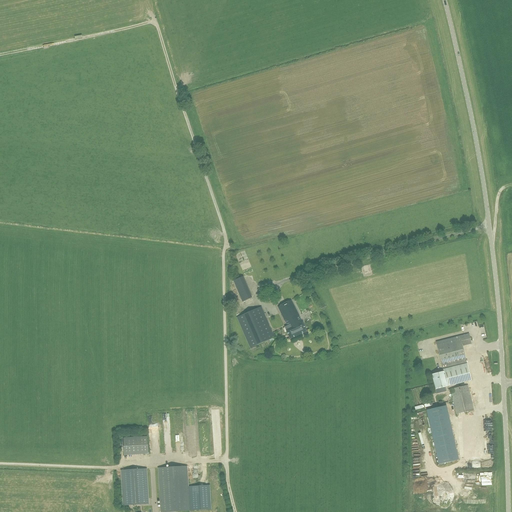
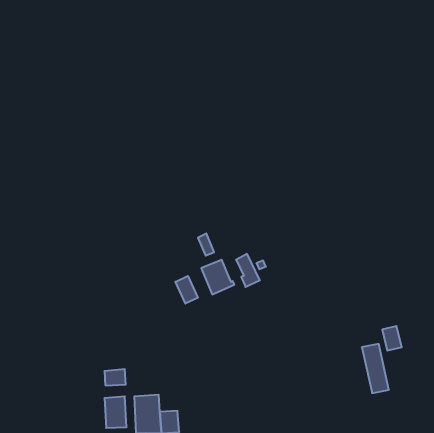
building: none -> [175,276,198,304]
building: [431,333,471,388] -> none

